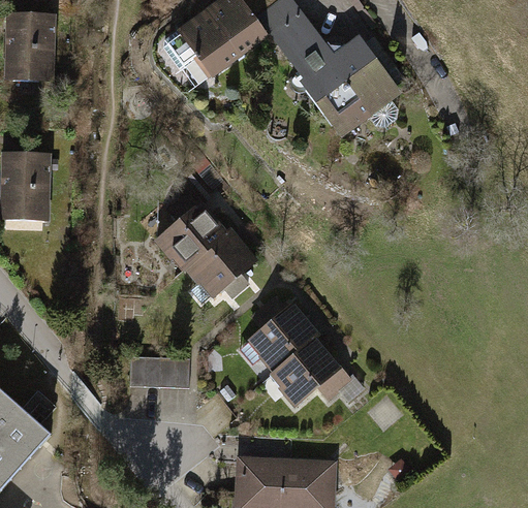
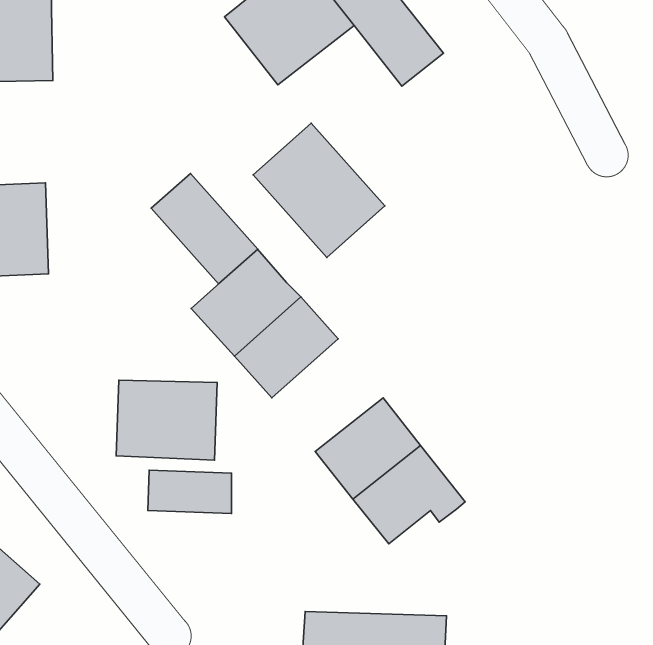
building: [300,38,403,140] -> none
building: none -> [253,123,385,257]
building: none -> [151,173,258,284]
building: none -> [116,380,217,460]

